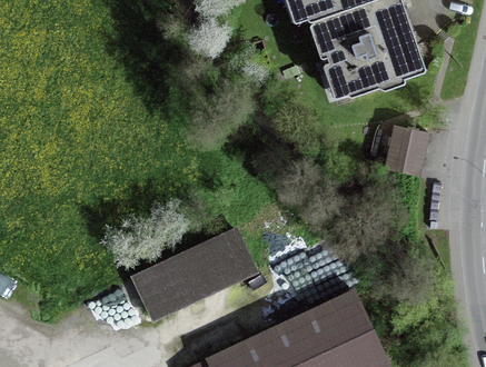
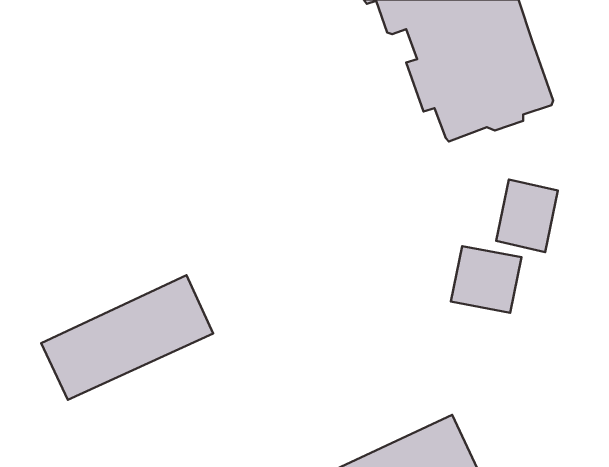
building: none -> [451,246,522,313]
building: [132,231,254,319] -> [41,275,213,400]

